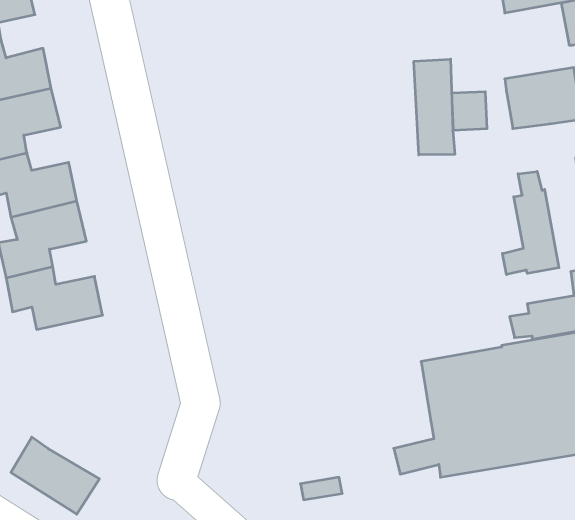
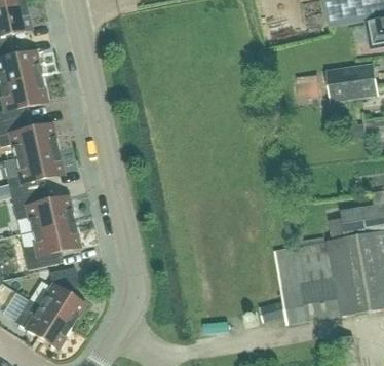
building: [414,59,455,155] -> none
building: [502,171,559,275] -> none
building: none -> [23,220,78,268]
building: none -> [38,266,84,325]

